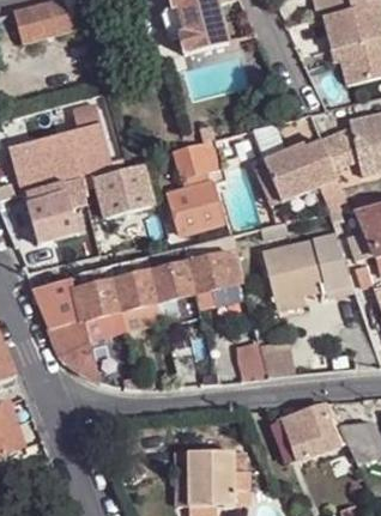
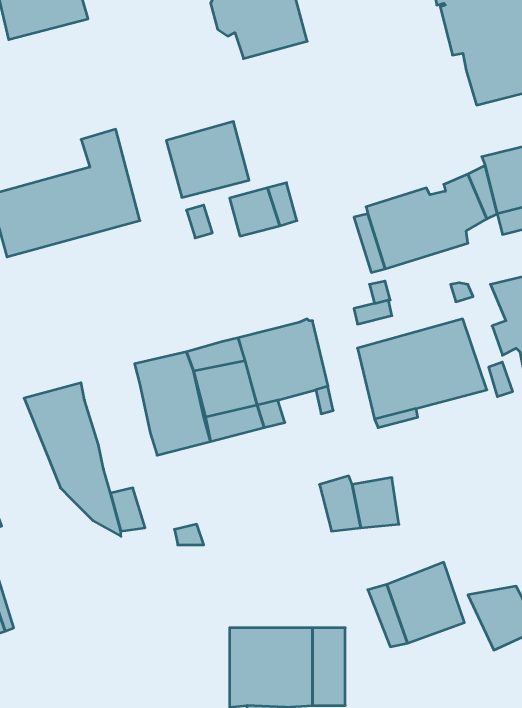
building: [95,164,152,217] -> [166,122,249,197]
building: [22,180,78,242] -> none
building: [169,181,220,233] -> none
building: [69,265,123,338] -> none

